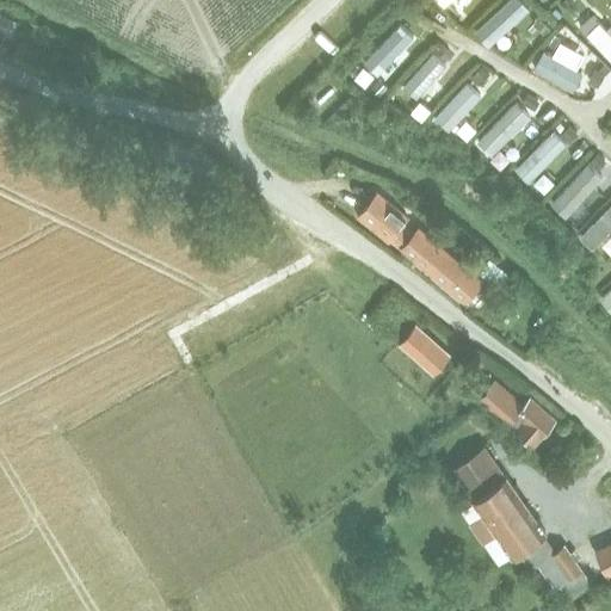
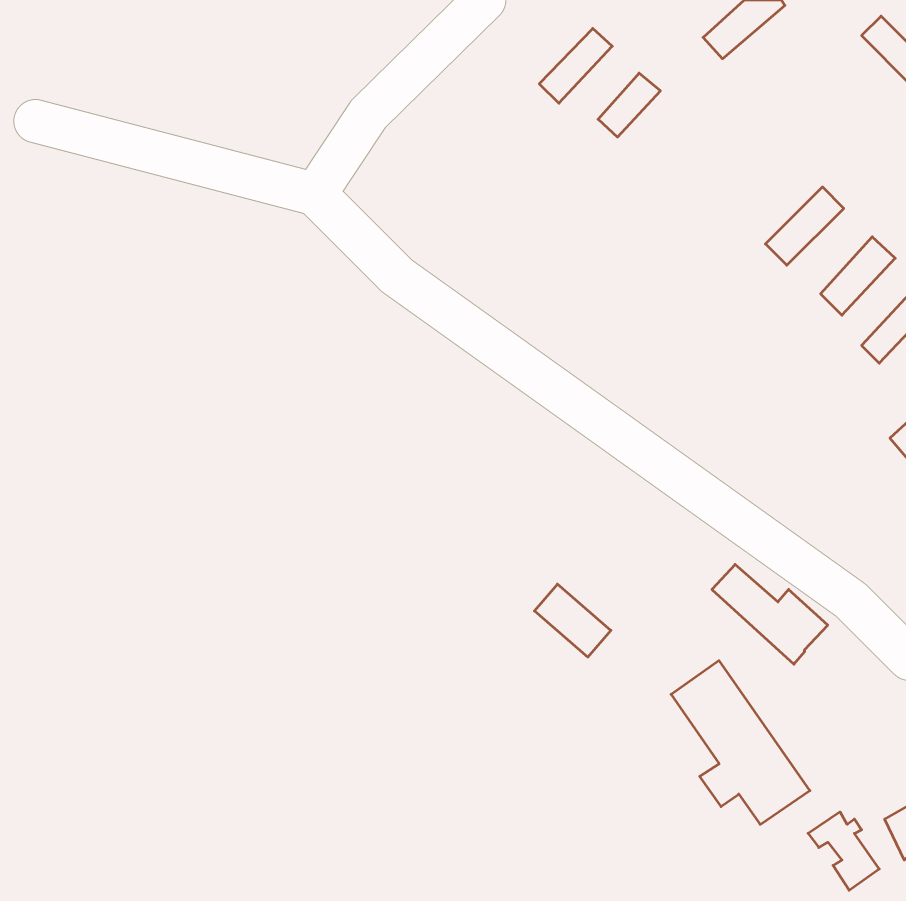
building: [535,51,584,91] -> none
building: [434,84,481,131] -> none
building: [477,103,530,156] -> none
building: [359,197,482,306] -> none
building: [400,329,451,378] -> [534,584,611,657]

